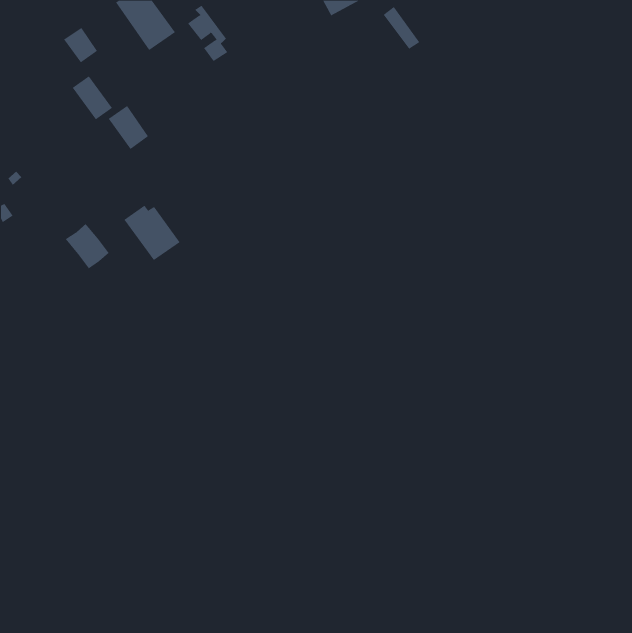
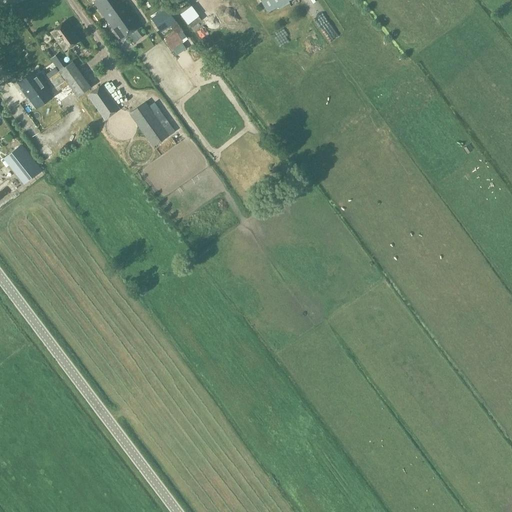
building: none -> [21,74,53,102]
building: [124,205,181,261] -> [130,102,176,147]
building: [65,223,110,269] -> [5,145,41,182]

